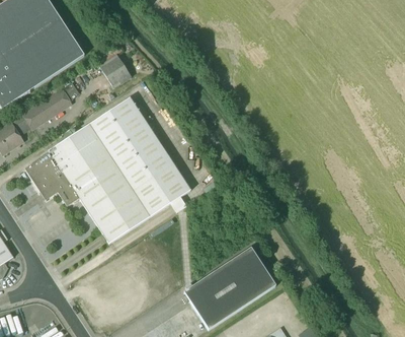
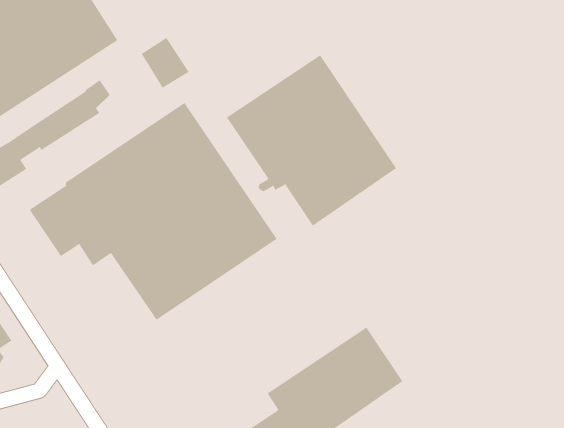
building: none -> [226,55,397,227]

